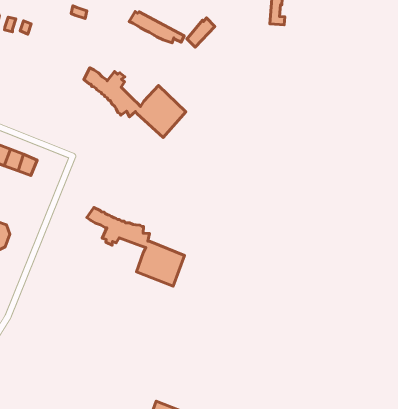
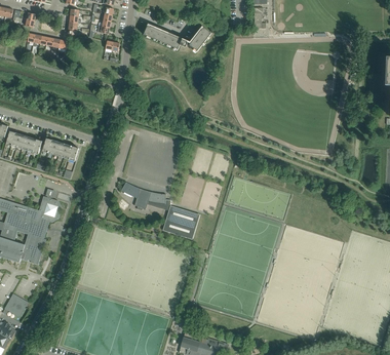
building: [84,68,186,138] -> none

